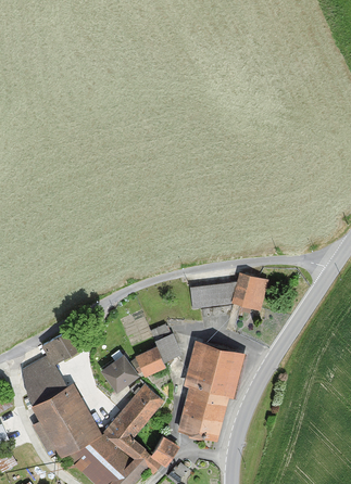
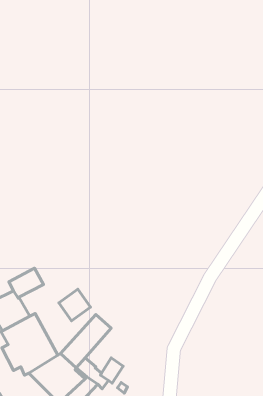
building: [191,272,267,309] -> none
building: [136,324,181,375] -> none
building: [178,340,240,440] -> none

